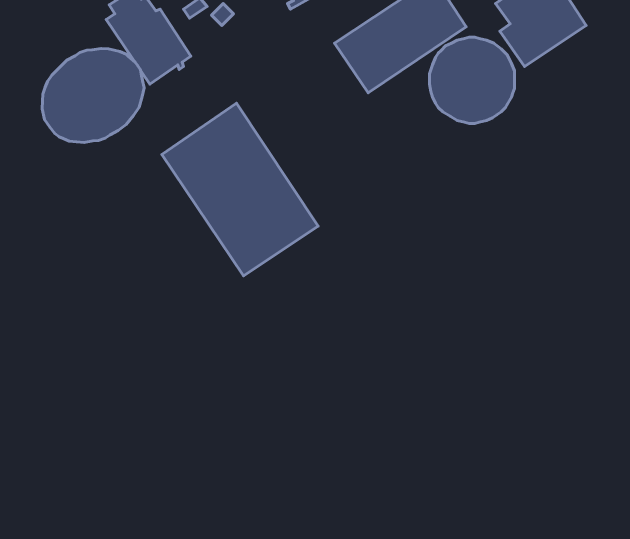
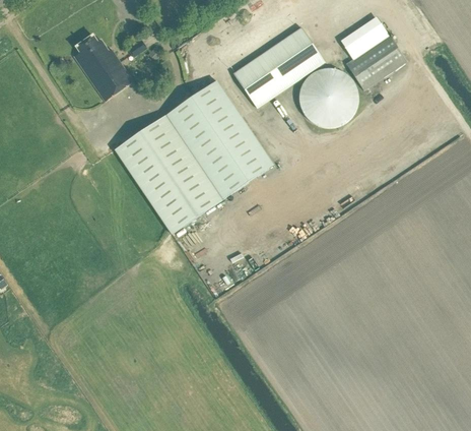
building: [42,48,144,142] -> none
building: none -> [165,79,273,198]

